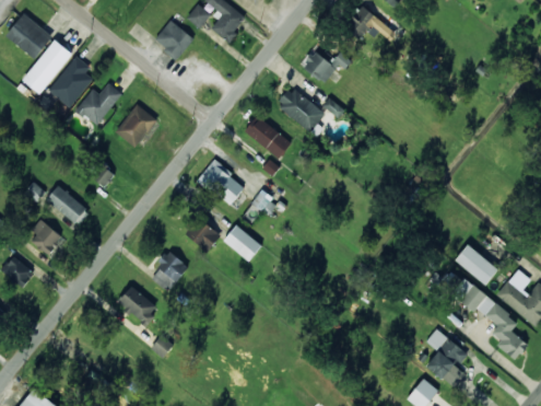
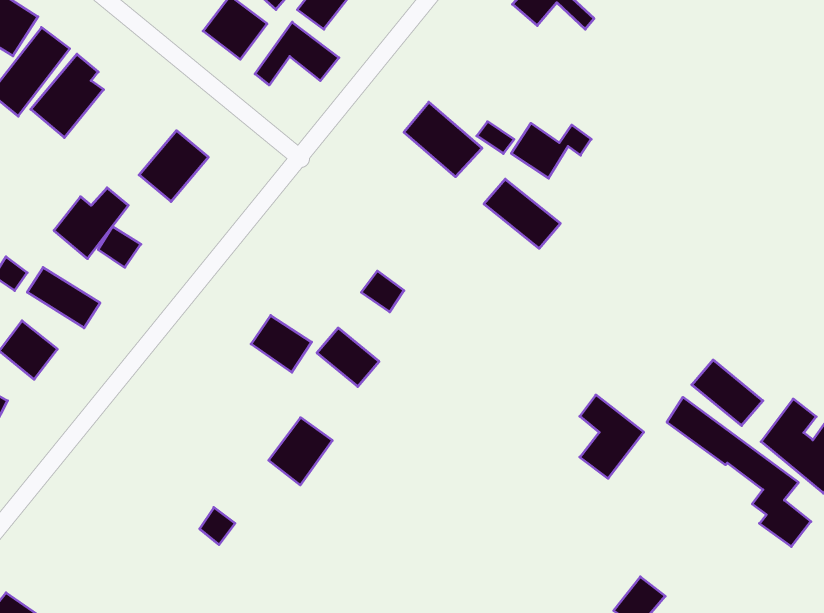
building: none -> [255,22,339,85]
building: [303,50,352,84] -> [511,123,591,178]
building: [77,83,122,127] -> [54,188,128,259]
building: [245,116,292,159] -> [484,179,560,248]
building: [199,161,246,206] -> none
building: [150,252,189,293] -> [269,418,332,485]
building: [118,287,160,325] -> none
building: [426,329,466,381] -> [580,395,644,478]

